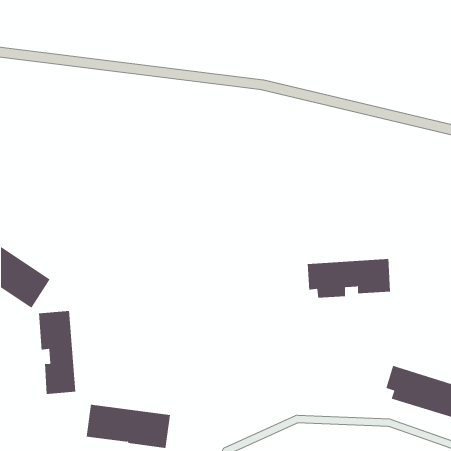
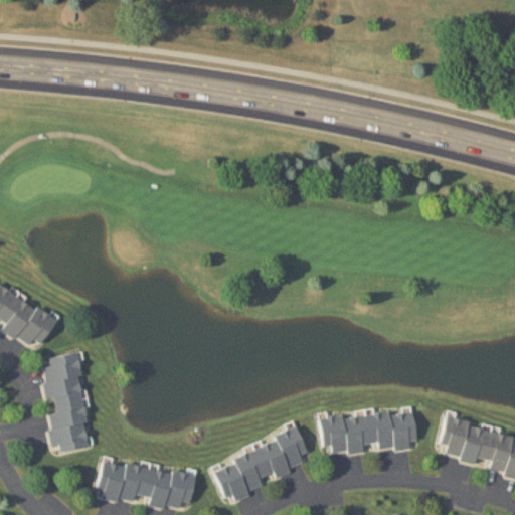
building: [307,258,391,298] -> [321,409,416,455]
building: none -> [212,430,307,499]

